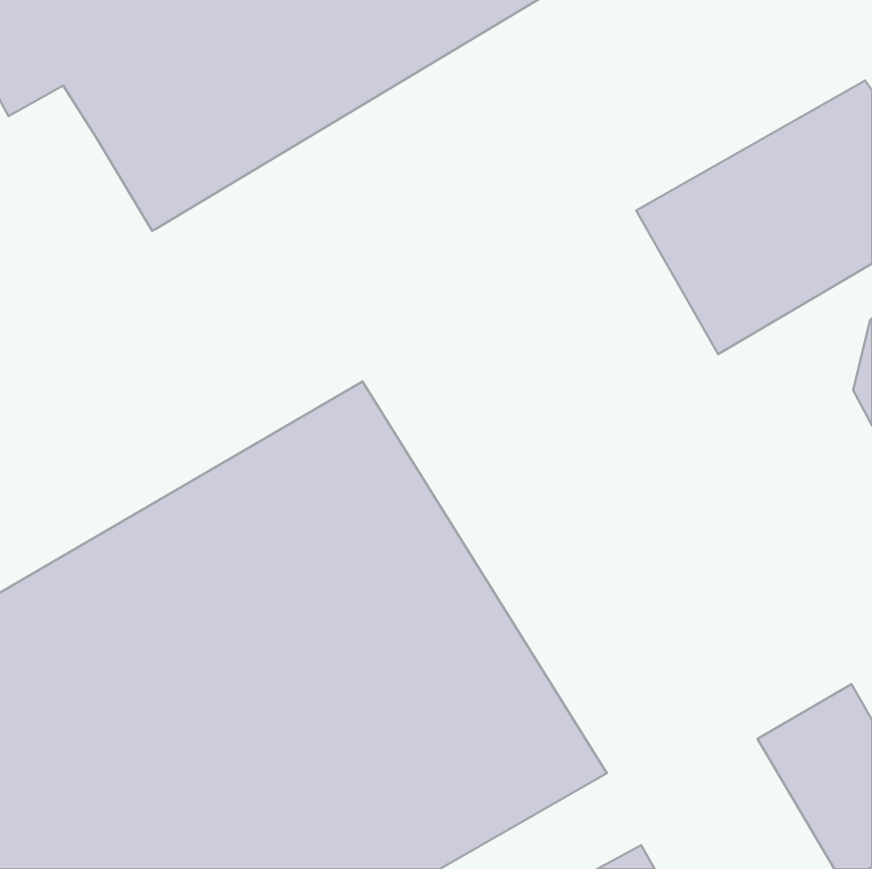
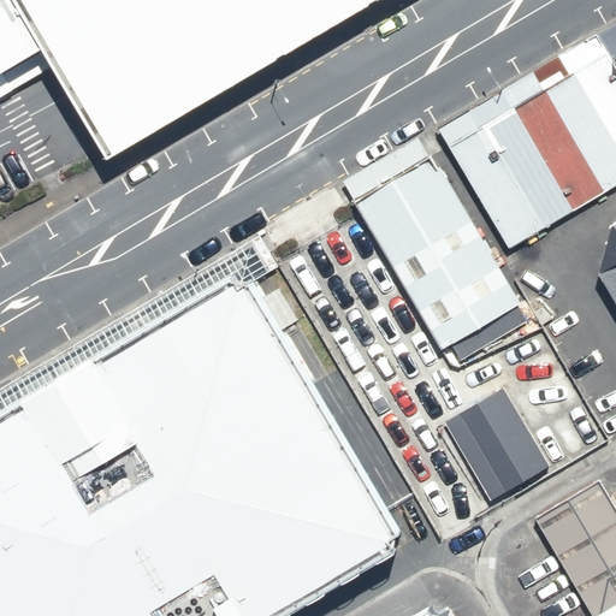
building: none -> [355,158,520,351]
building: none -> [440,386,552,505]

